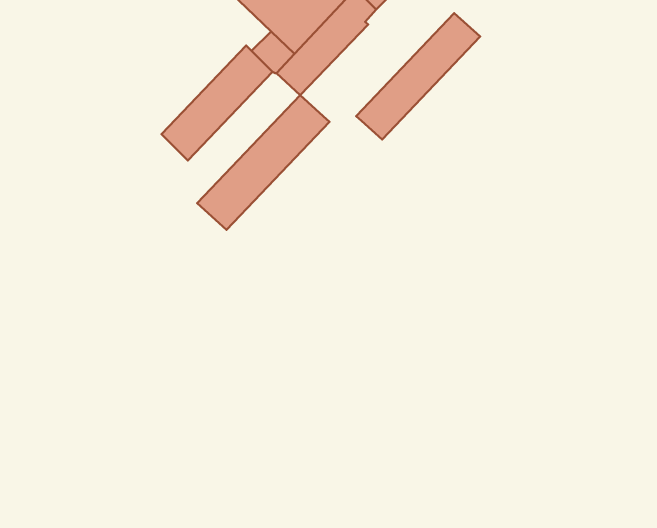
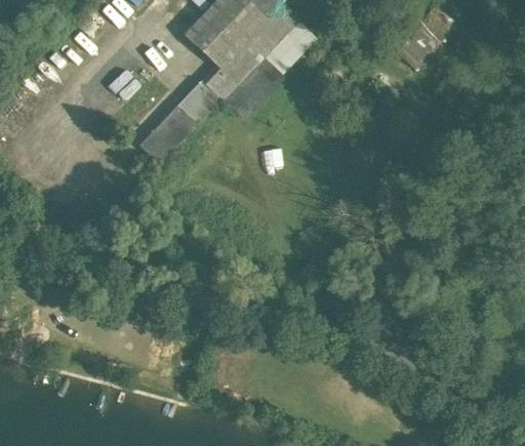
building: [356,13,480,139] -> none
building: [197,95,329,230] -> none

